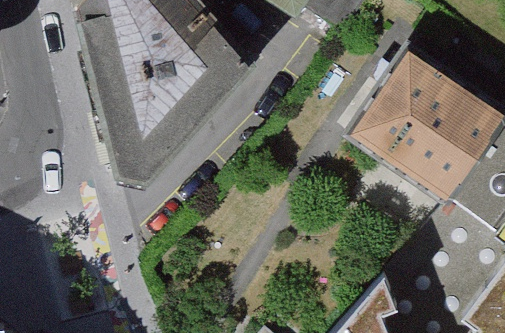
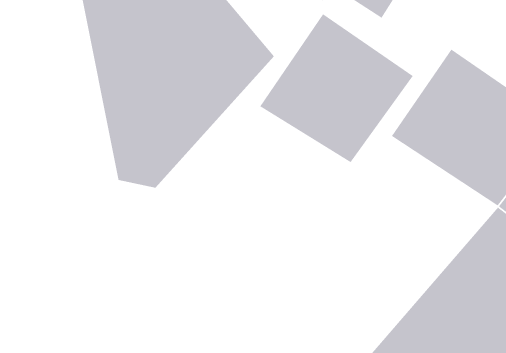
building: none -> [259,13,414,163]

